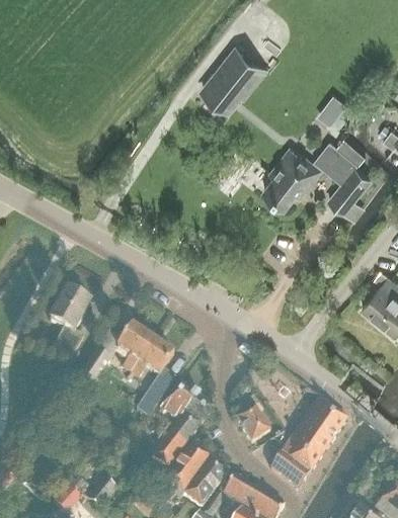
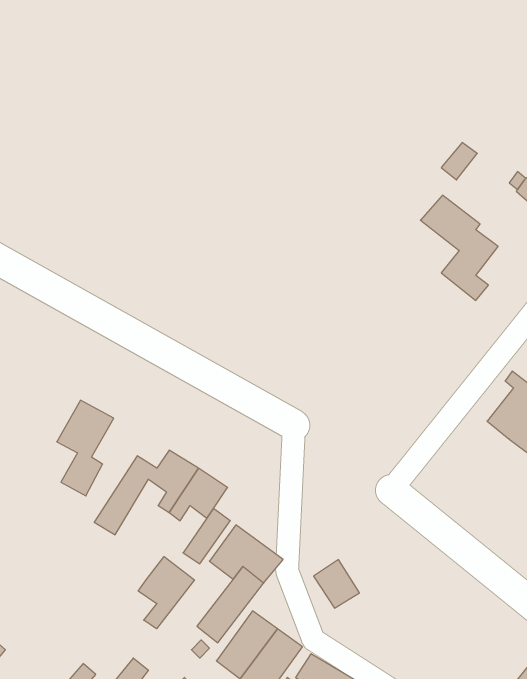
building: [201,46,269,113] -> none
building: [264,149,322,207] -> none
building: [269,400,346,492] -> none
building: none -> [138,557,194,629]

